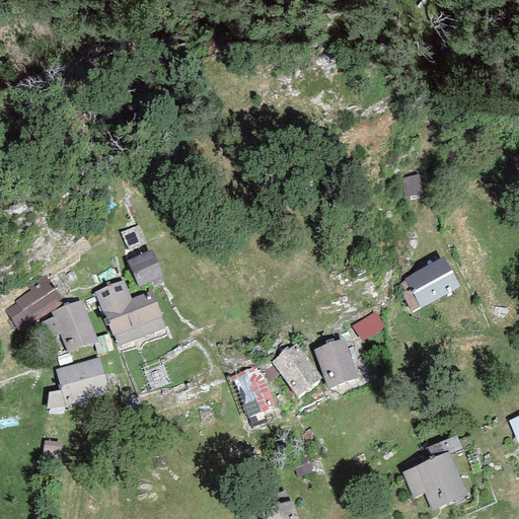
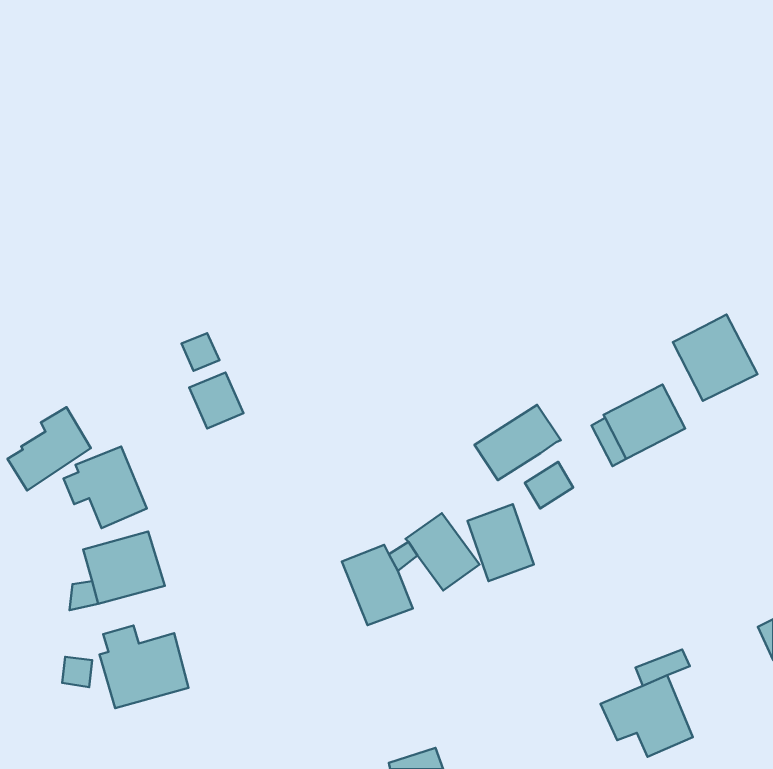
building: none -> [673,314,757,401]
building: none -> [475,405,561,480]
building: [94,279,164,345] -> none
building: none -> [99,625,188,708]

